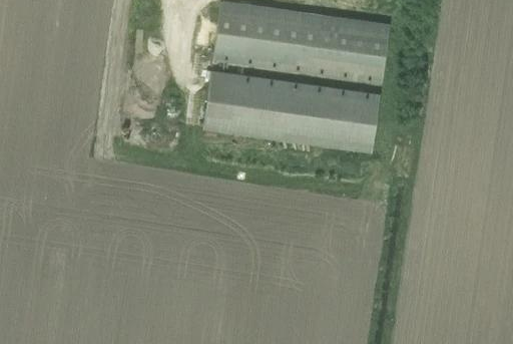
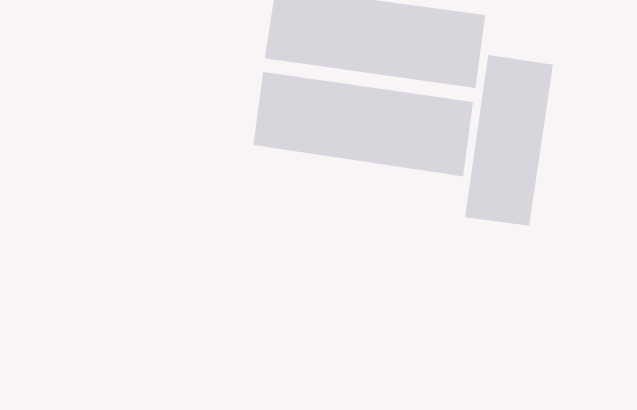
building: none -> [464,54,554,226]

